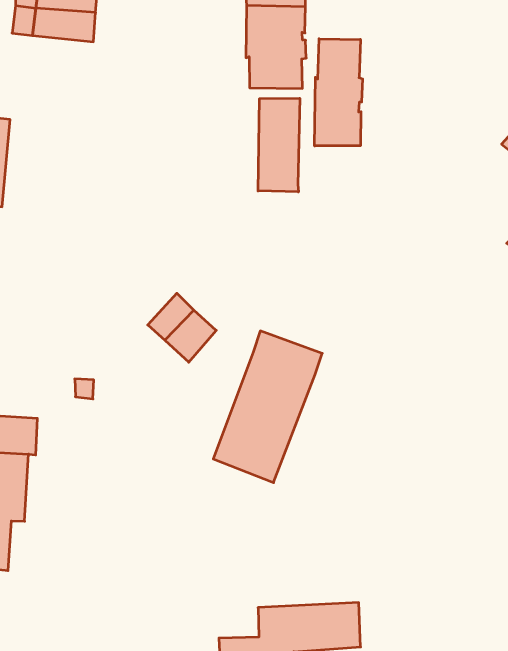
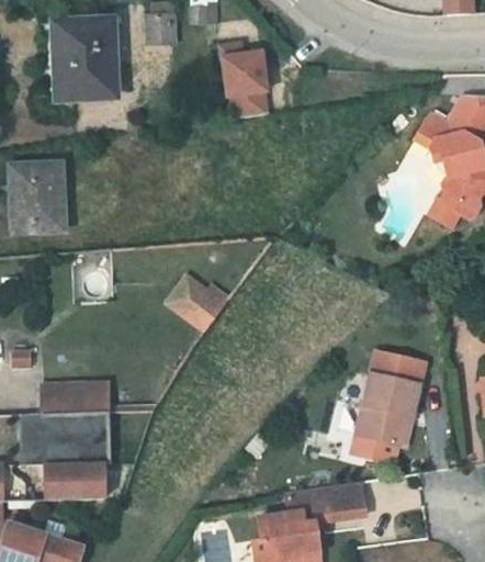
building: [315,39,363,146] -> none
building: [258,98,300,192] -> none
building: [213,331,322,483] -> [358,340,429,452]

